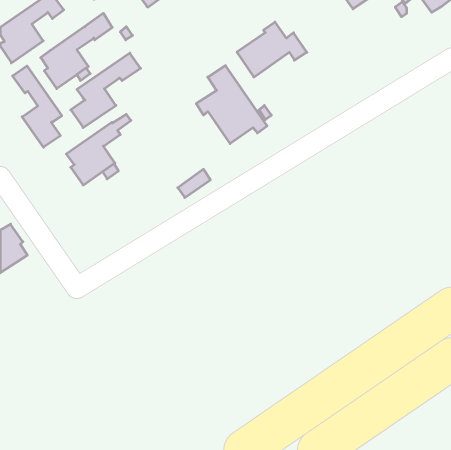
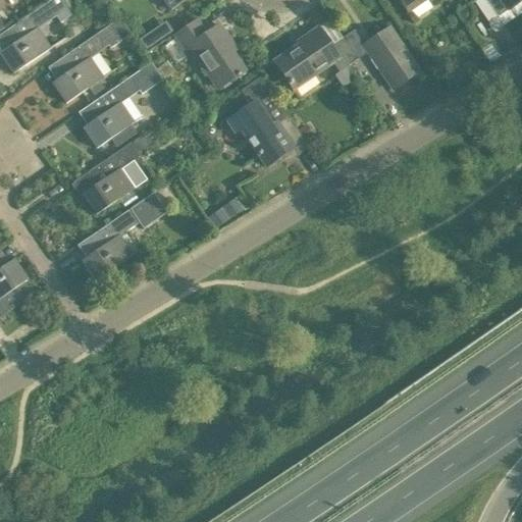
building: none -> [174,17,245,88]
building: none -> [340,25,419,88]
building: [13,66,62,147] -> none
building: none -> [82,182,174,279]

